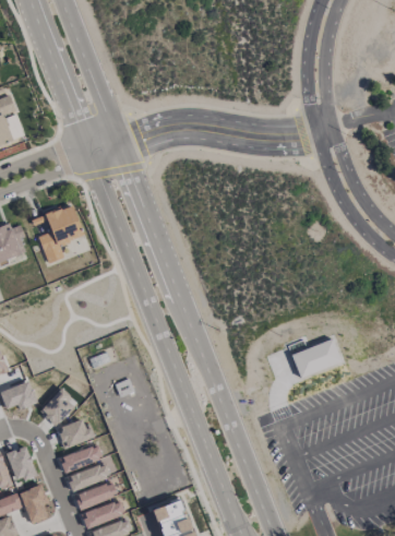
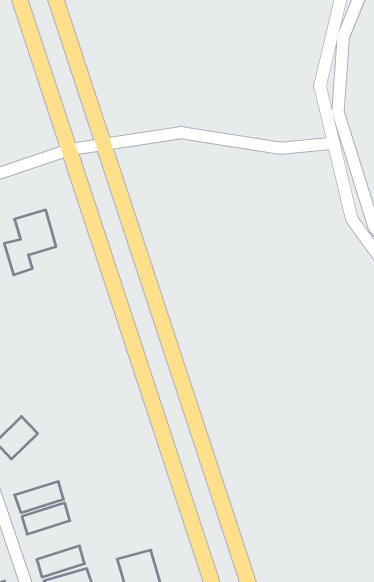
building: [291,337,342,378] -> none
building: [57,419,95,449] -> none
building: [75,480,118,510] -> none

